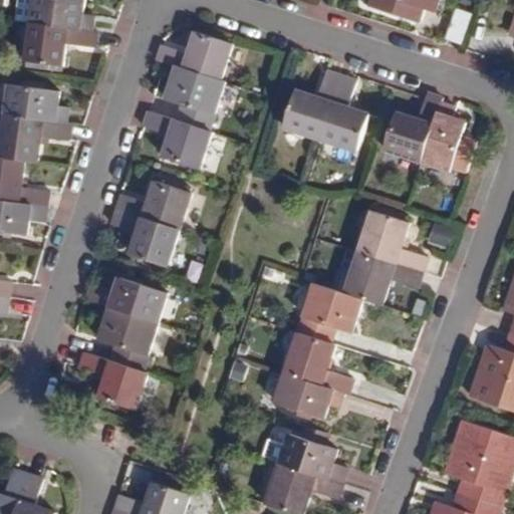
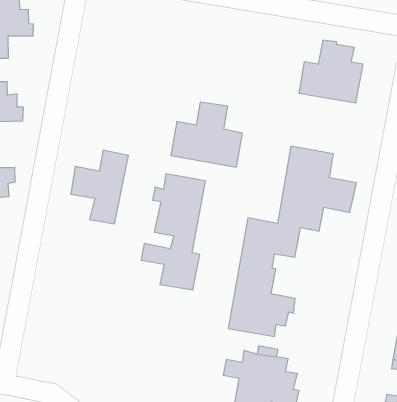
building: [148,34,230,170] -> none
building: [283,73,366,152] -> [171,102,242,167]
building: [78,278,163,412] -> [141,174,206,290]

